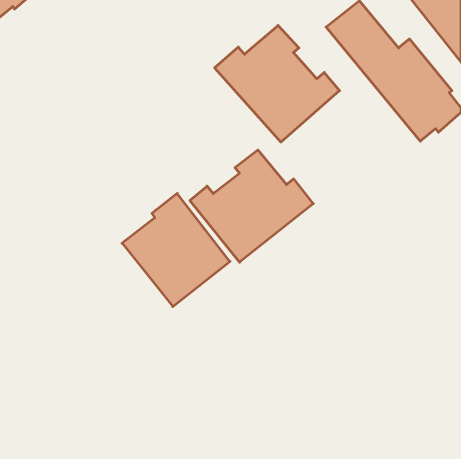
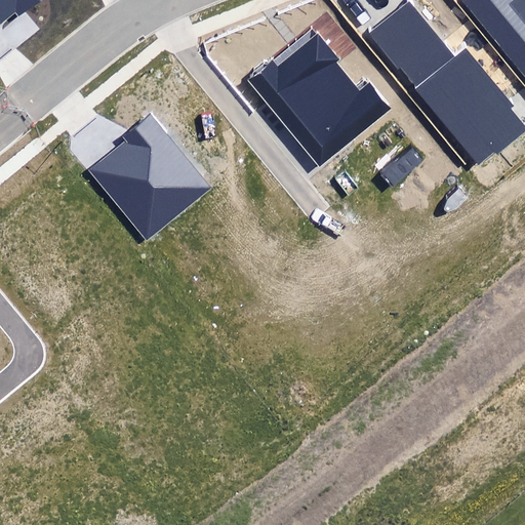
building: [190,150,313,262] -> none
building: [122,193,230,307] -> [86,109,208,237]

